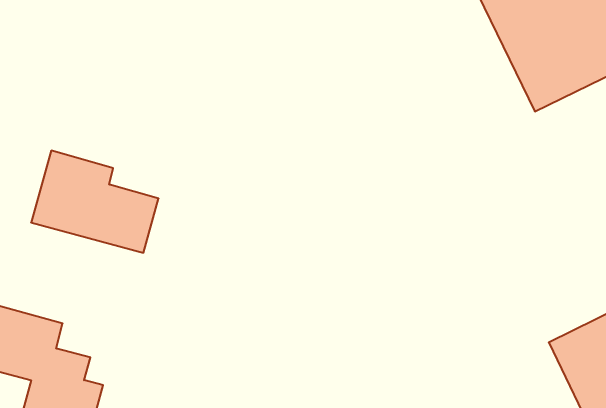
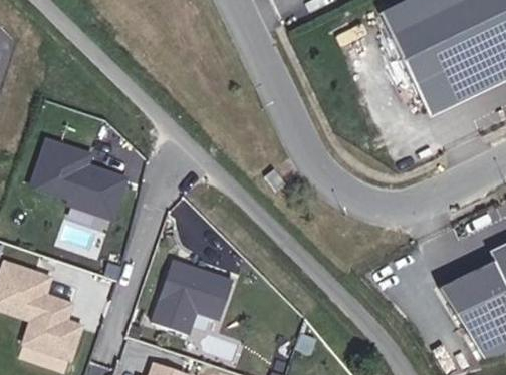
building: none -> [151,258,232,335]

